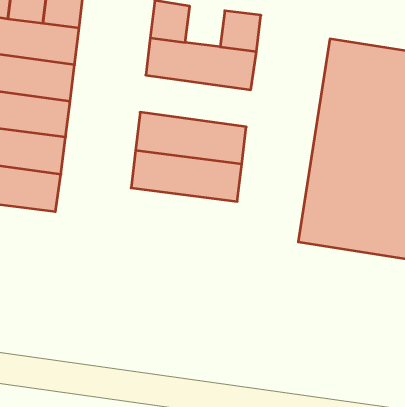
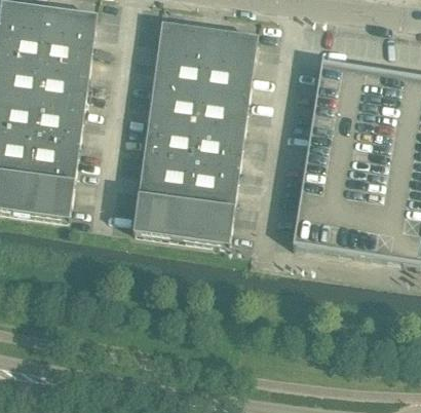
building: none -> [188,30,224,67]
building: none -> [147,92,247,140]
building: none -> [135,195,235,241]

